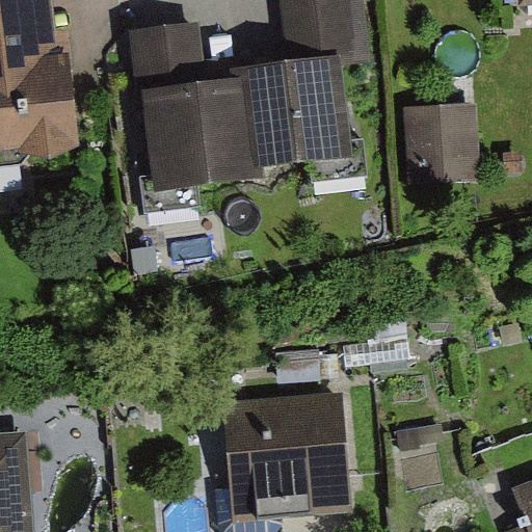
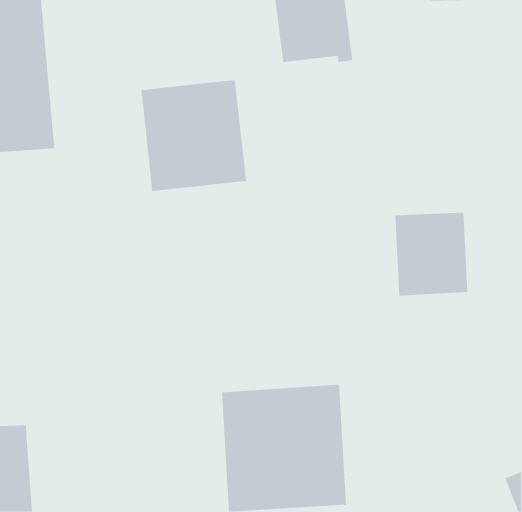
building: [130,20,207,98] -> none
building: [237,57,353,170] -> none
building: [409,92,484,178] -> [395,212,468,296]

